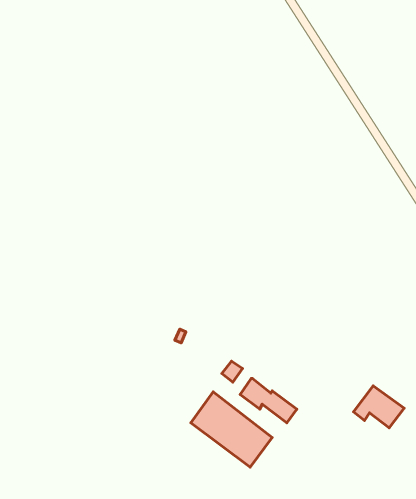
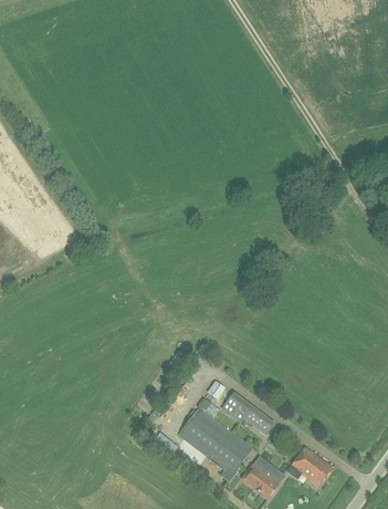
building: [354,386,404,428] -> [285,447,331,485]
building: none -> [241,457,282,498]

